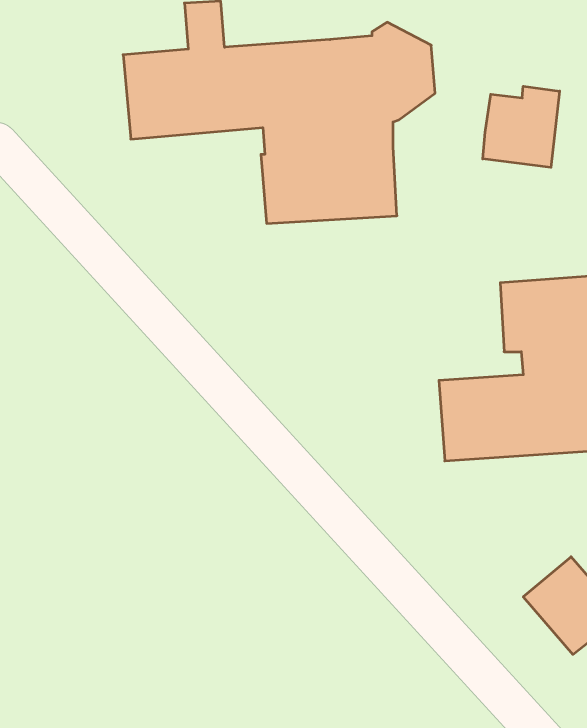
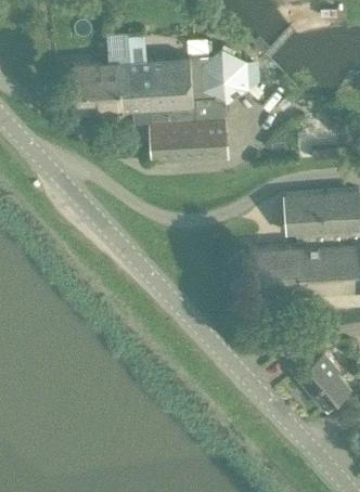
building: [483,86,560,167] -> none

